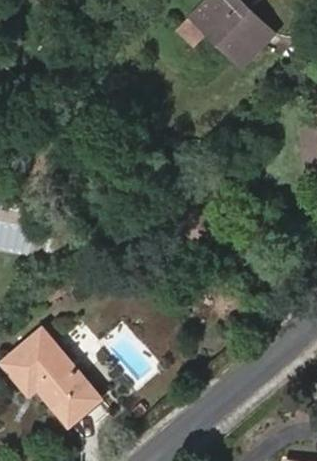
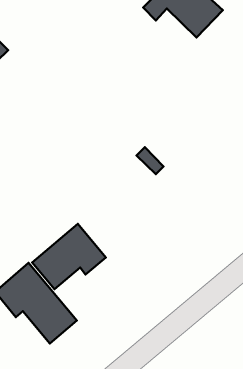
building: none -> [32,224,106,289]

